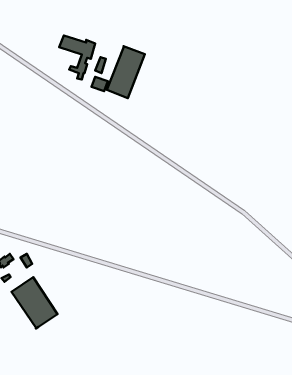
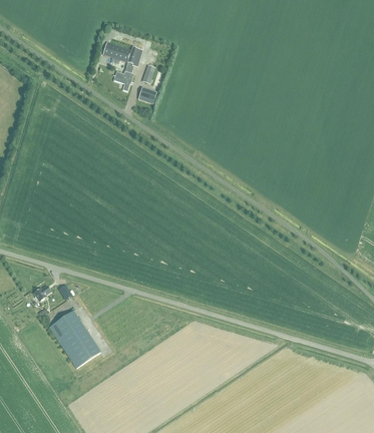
building: [107,46,145,98] -> none

